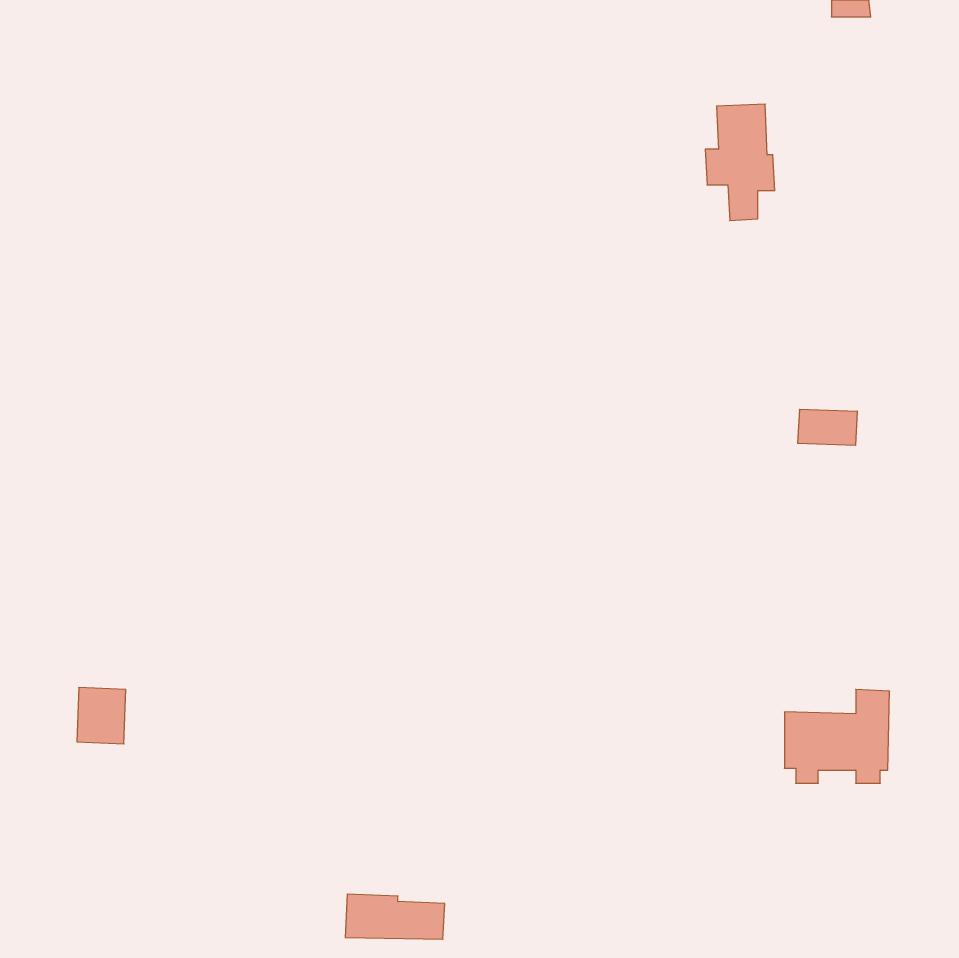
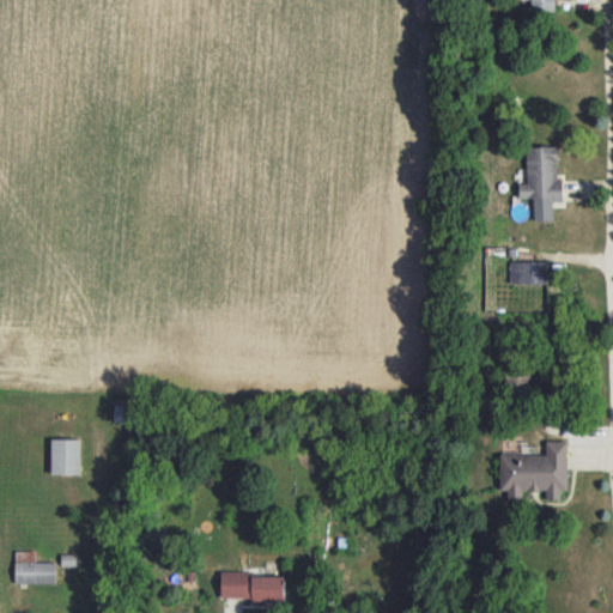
building: [705,104,775,221] -> [518,147,563,221]
building: none -> [14,552,55,584]

